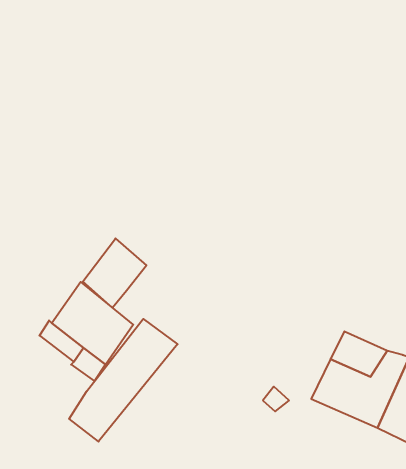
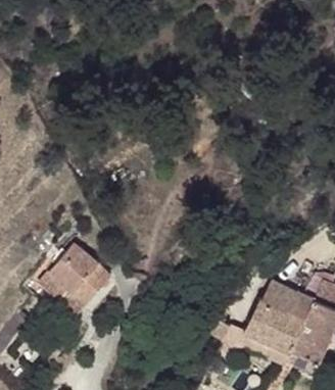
building: [83,238,146,308] -> none
building: [69,319,178,442] -> none

